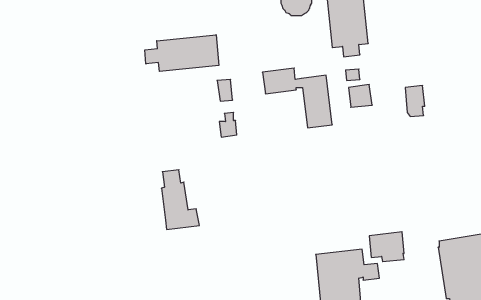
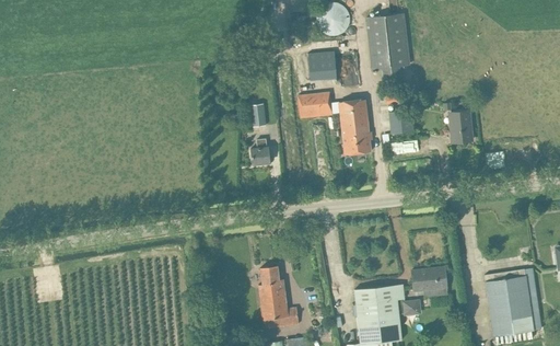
building: none -> [307,50,336,80]
building: [145,35,219,71] -> none
building: [161,170,199,229] -> [258,265,299,328]

